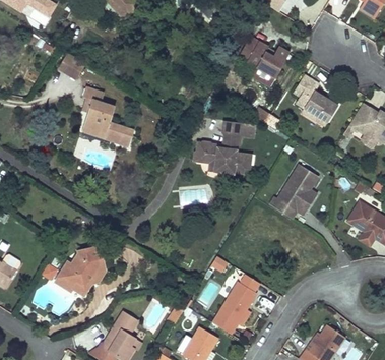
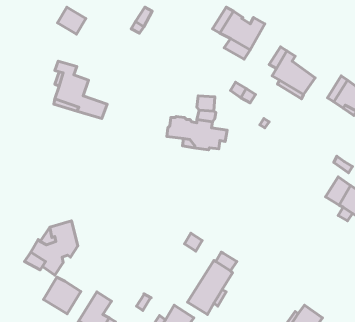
building: [57,52,84,78] -> [58,7,86,34]
building: [269,165,317,217] -> none
building: none -> [43,277,81,314]

